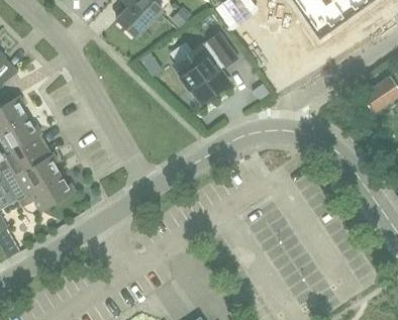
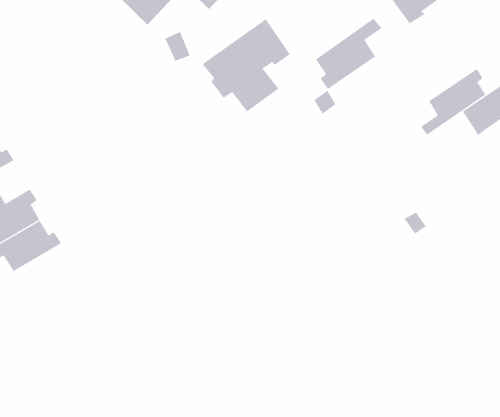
building: none -> [315,18,382,90]
building: none -> [420,68,486,136]

